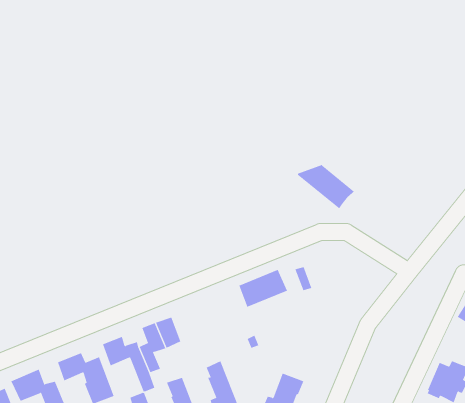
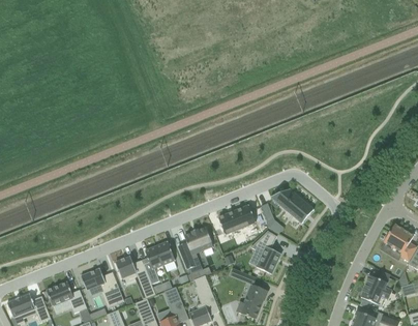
building: [297,164,354,209] -> [270,188,314,223]
building: none -> [178,227,213,273]
building: none -> [250,231,280,273]

